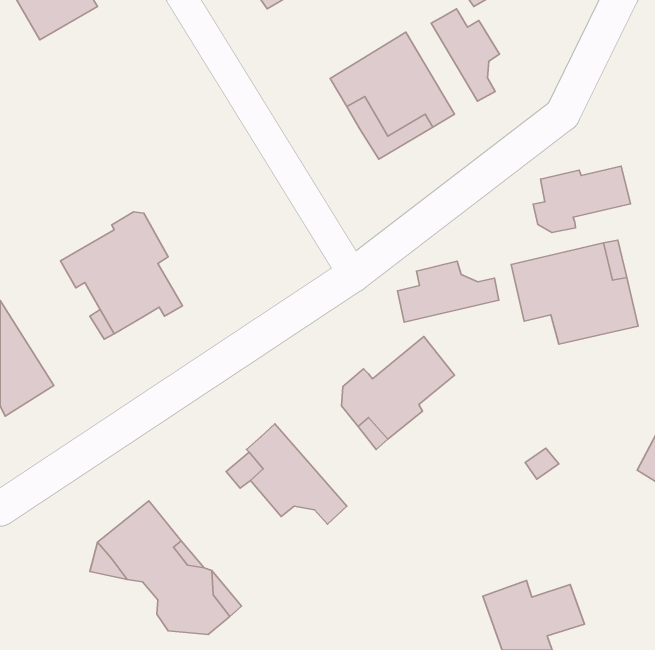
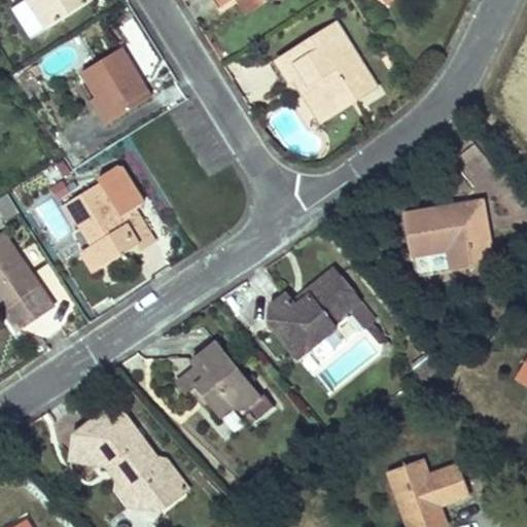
building: [431,9,499,101] -> none
building: none -> [69,52,137,126]
building: [533,166,631,233] -> none
building: [397,261,499,322] -> none

